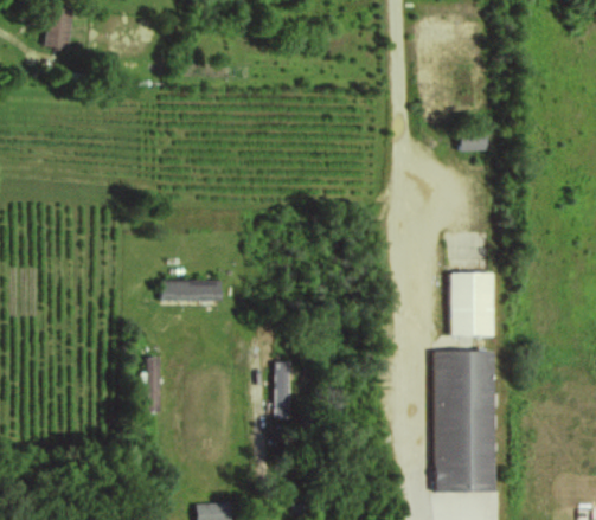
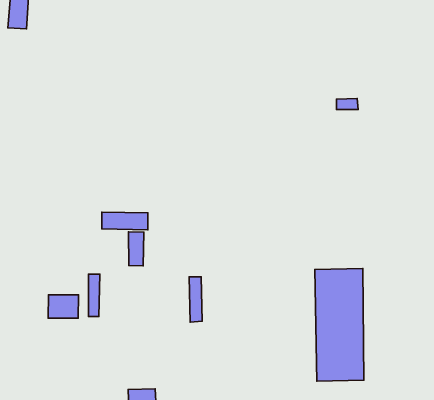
building: [450,272,493,335] -> none
building: none -> [129,232,144,266]
building: none -> [48,295,78,318]

